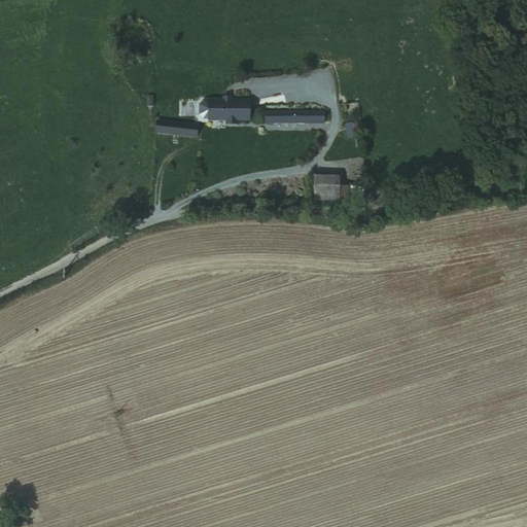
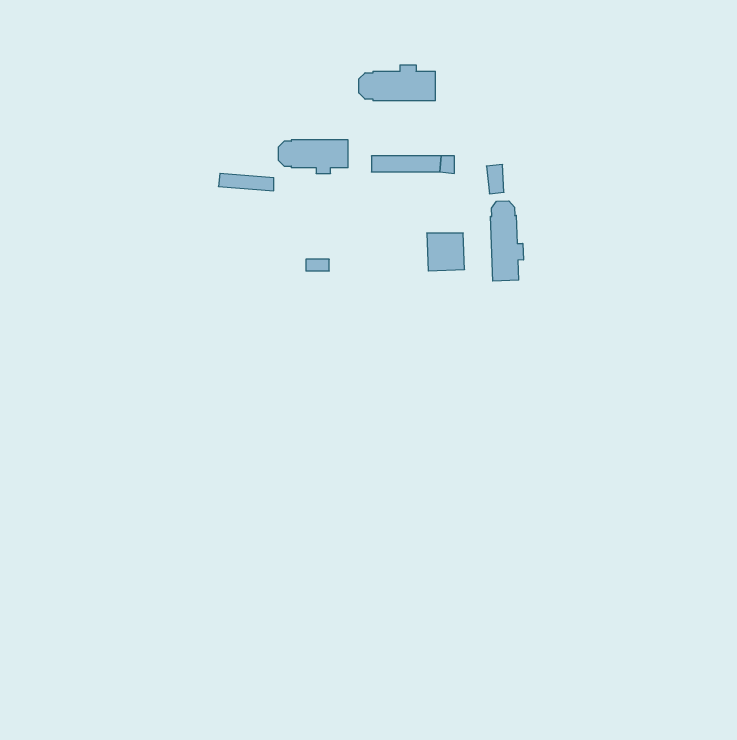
building: none -> [359,65,435,101]
building: none -> [490,201,523,281]

